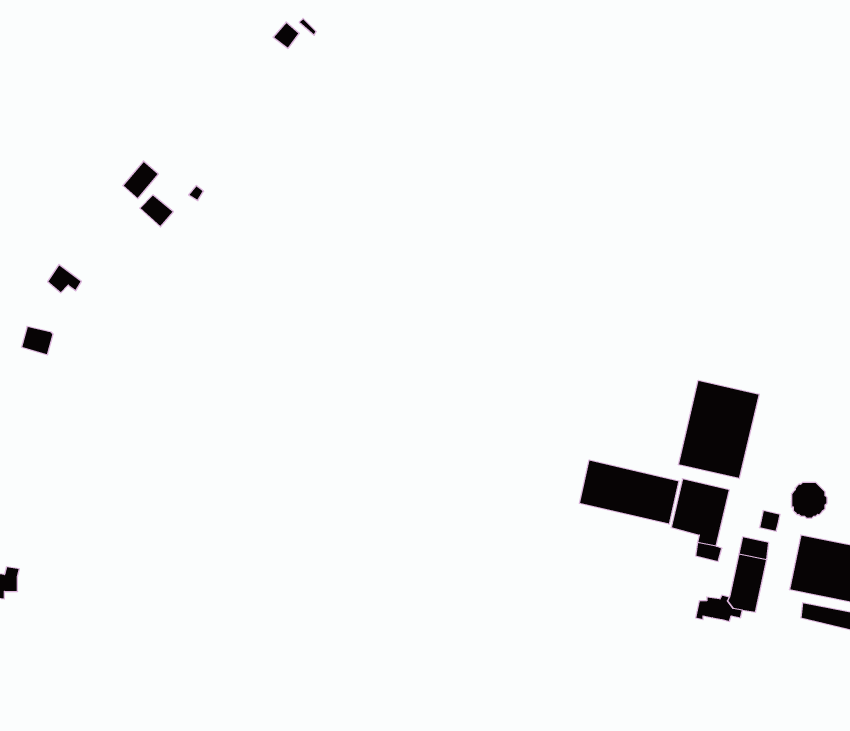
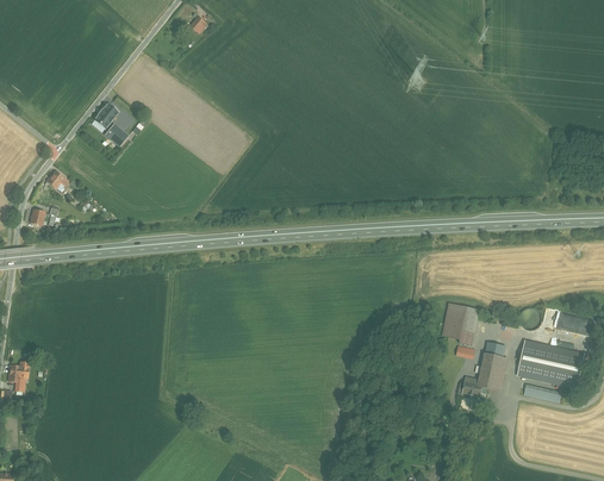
building: [678,380,759,479] -> none
building: [579,460,679,524] -> none

